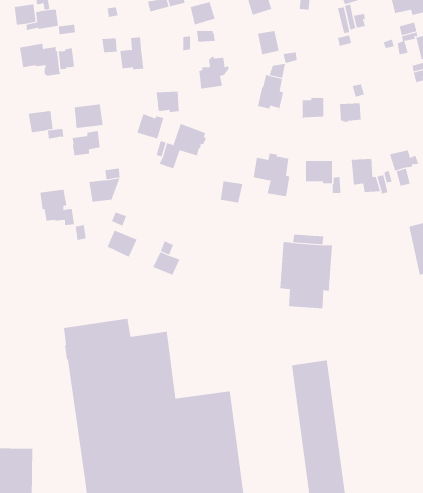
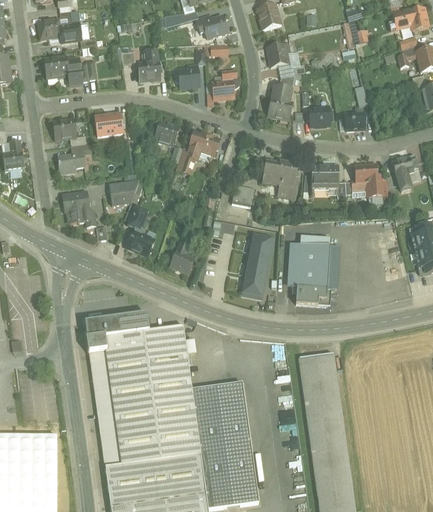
building: [156,91,179,114] -> [178,67,200,88]
building: [72,130,101,156] -> [58,149,85,173]
building: none -> [241,232,274,297]

